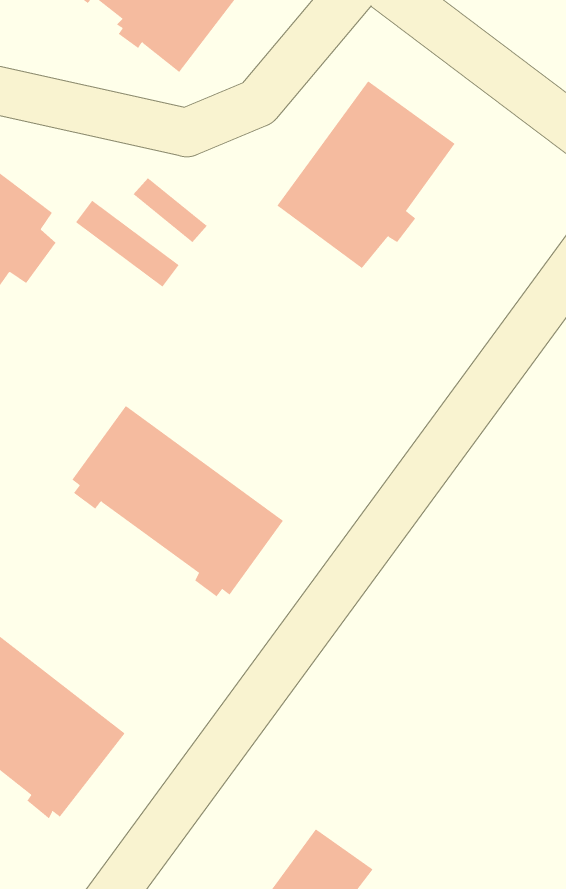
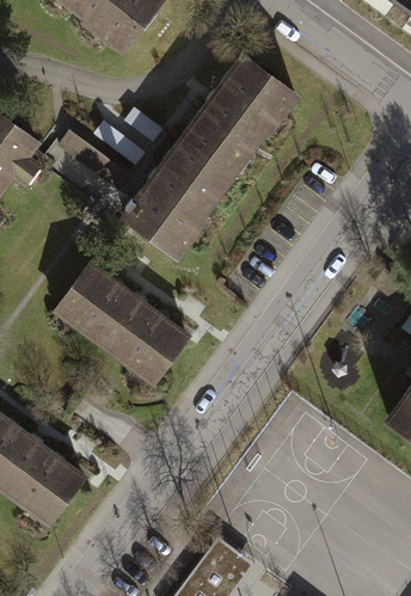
building: none -> [125,140,241,262]

